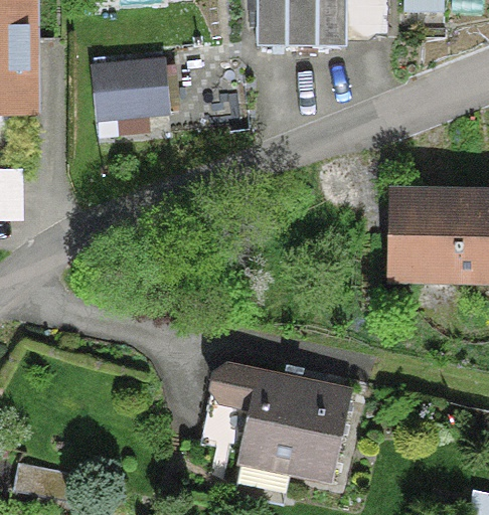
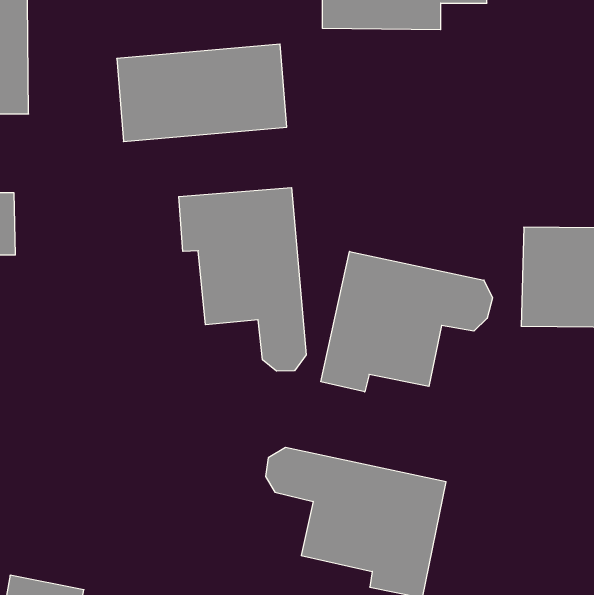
building: none -> [179,188,306,371]
building: none -> [321,251,493,392]

